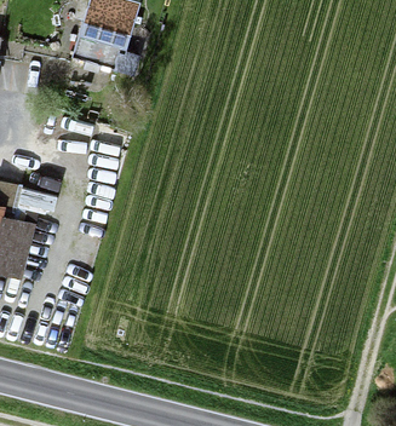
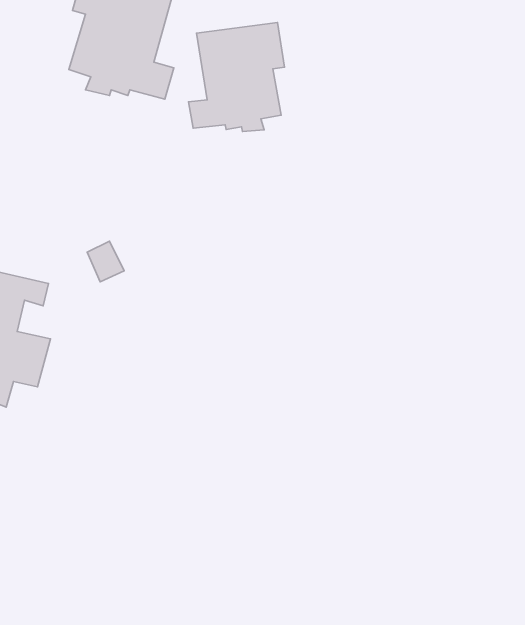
building: none -> [189,22,284,131]

